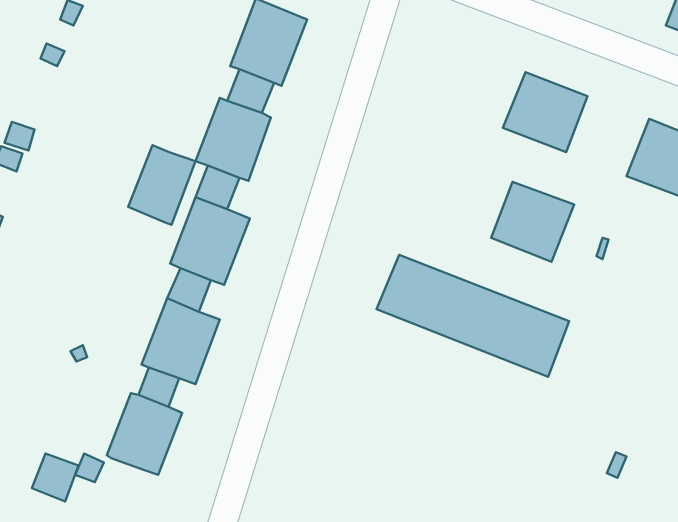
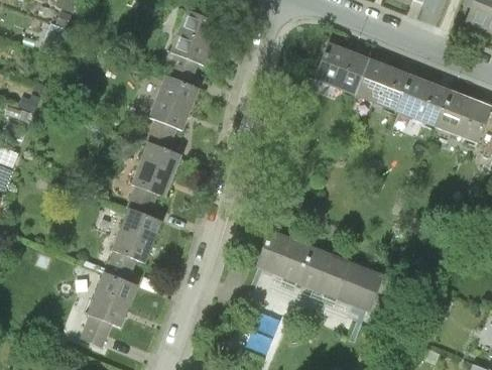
building: none -> [311,39,368,94]
building: [128,145,196,225] -> none
building: [491,182,574,262] -> [395,73,451,126]
building: [376,255,569,377] -> [253,228,382,310]
building: [32,453,79,502] -> [82,315,113,347]

